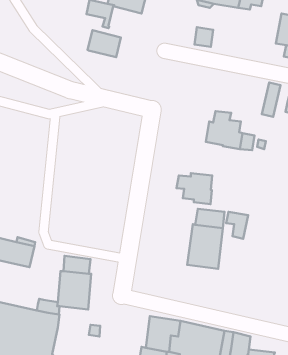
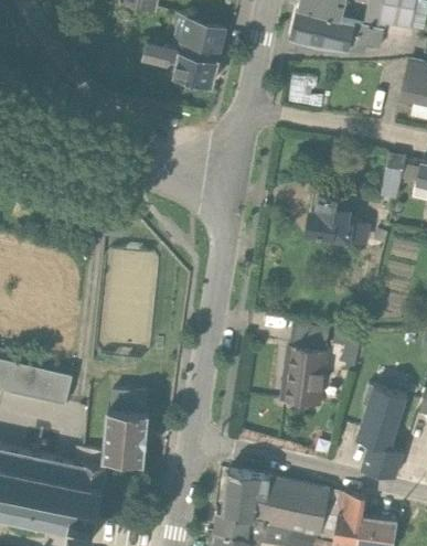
building: [88,30,121,57] -> [172,50,217,86]
building: [176,173,212,204] -> none
building: none -> [355,384,407,479]

